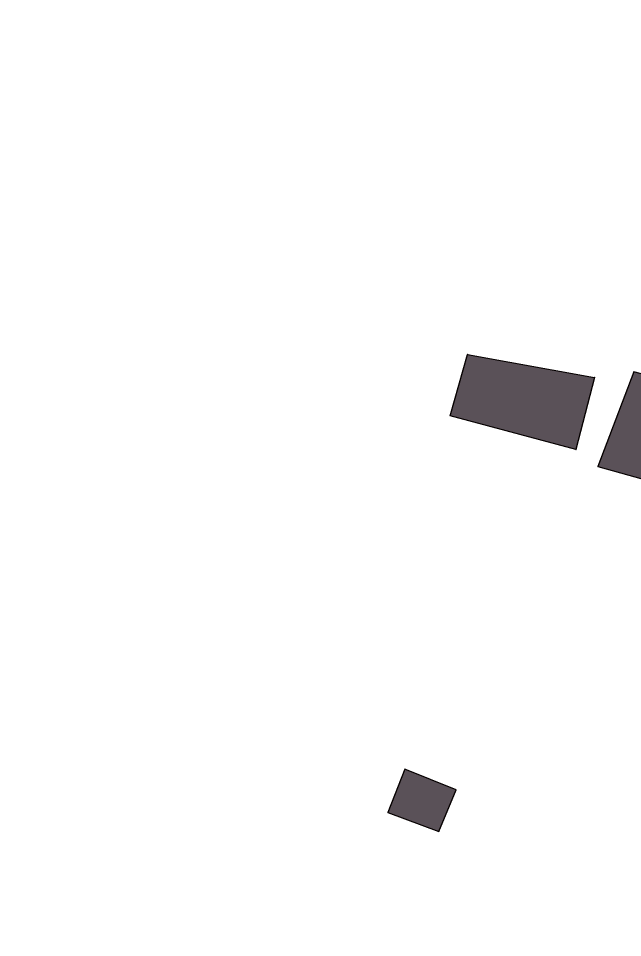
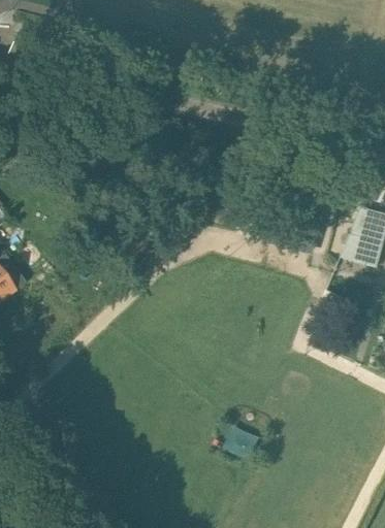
building: [450,354,595,450] -> none

